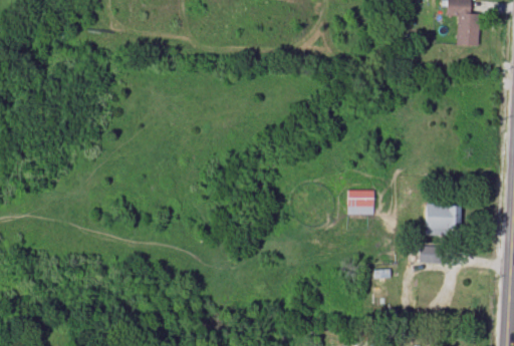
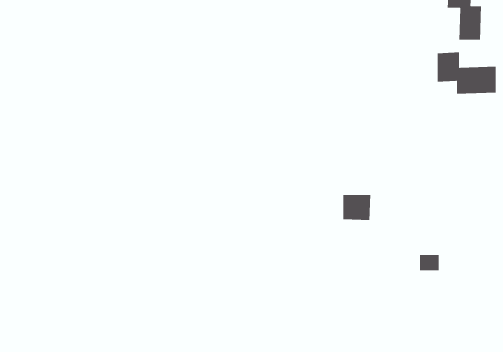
building: none -> [437,51,496,94]
building: [425,204,461,235] -> none

